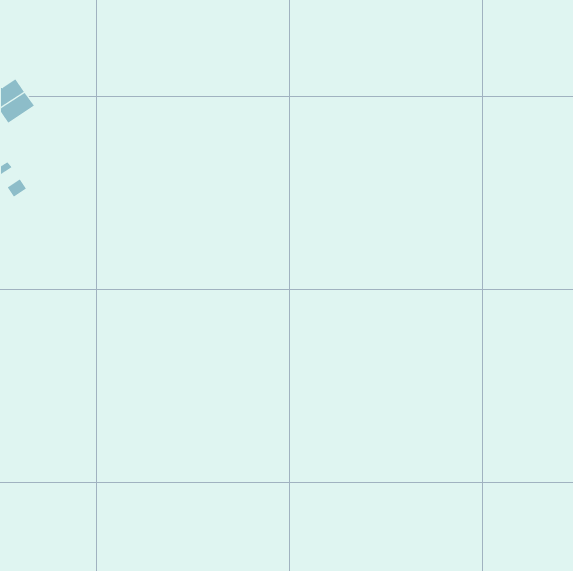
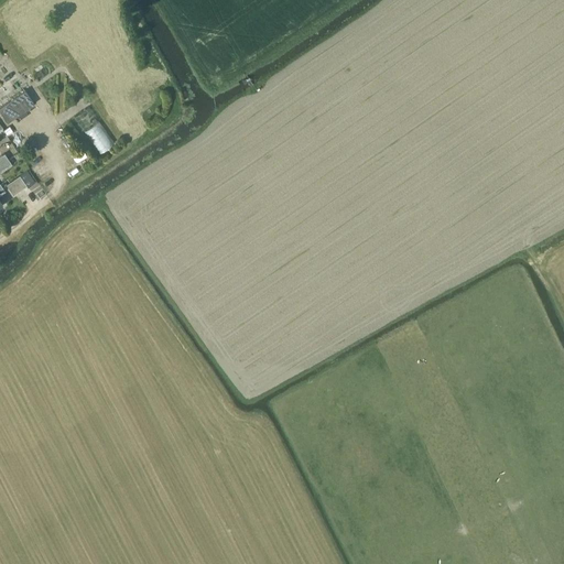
building: none -> [85,121,115,153]

